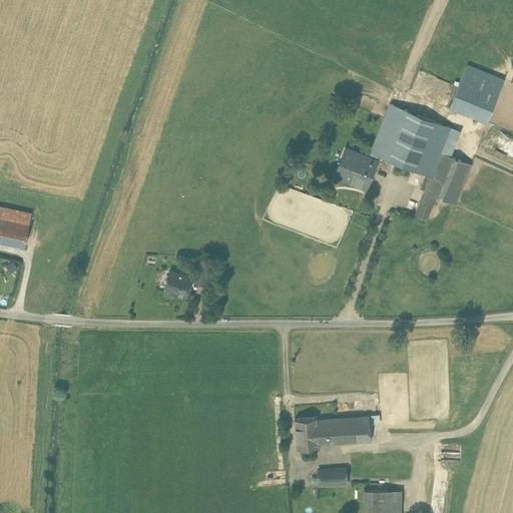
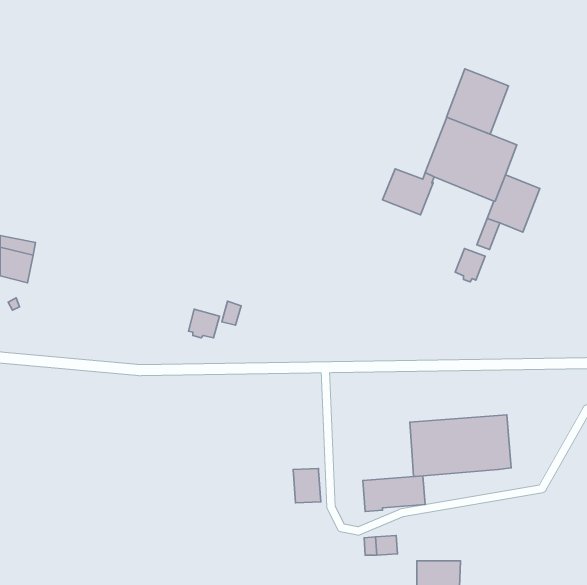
building: [450,67,504,124] -> [446,69,509,134]
building: none -> [455,248,485,282]
building: none -> [410,415,511,476]
building: [295,419,319,449] -> [293,468,321,503]

